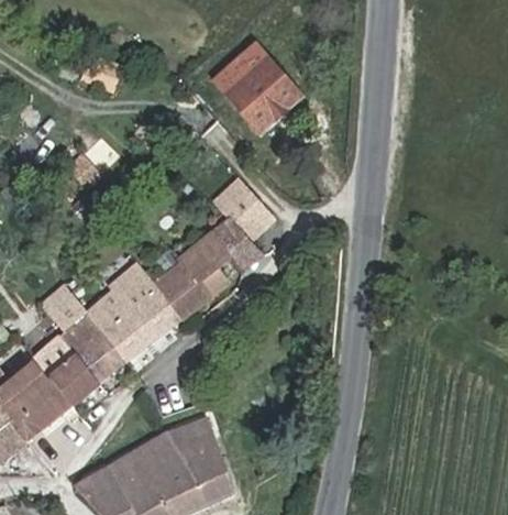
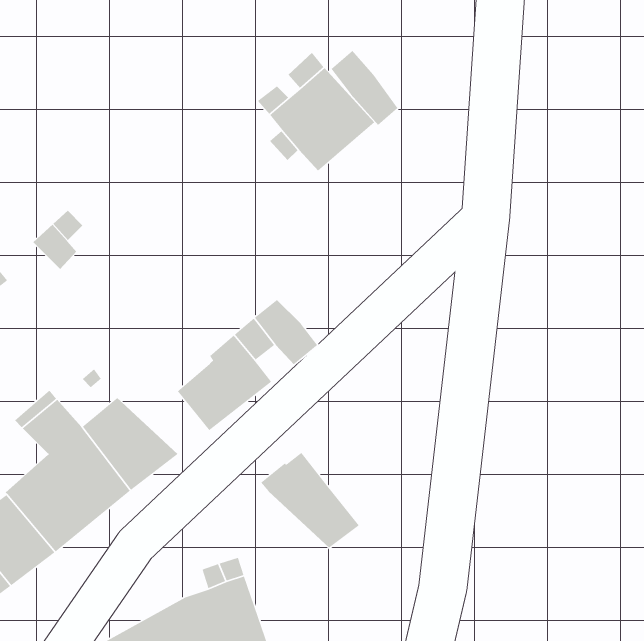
building: none -> [330,50,399,126]
building: [220,187,272,239] -> none
building: [110,263,181,332] -> [260,452,360,548]

